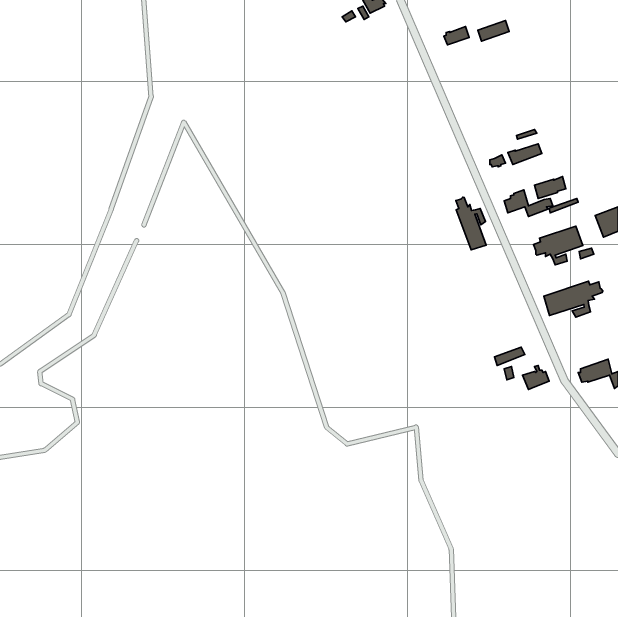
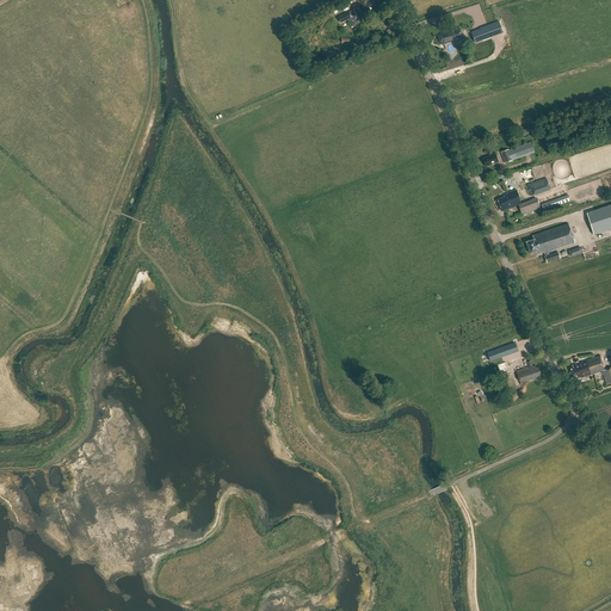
building: [456,197,486,250] -> none
building: [544,281,603,317] -> none

